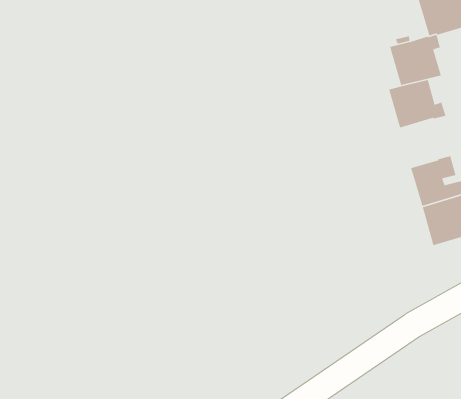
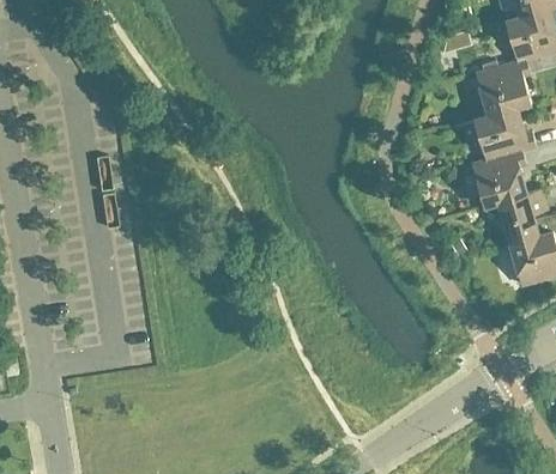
building: none -> [469,148,524,206]

